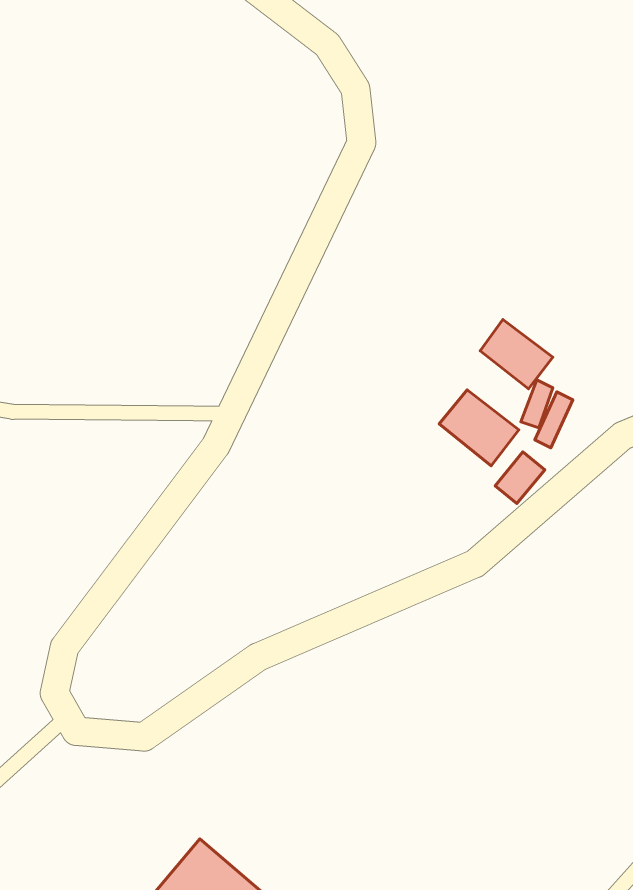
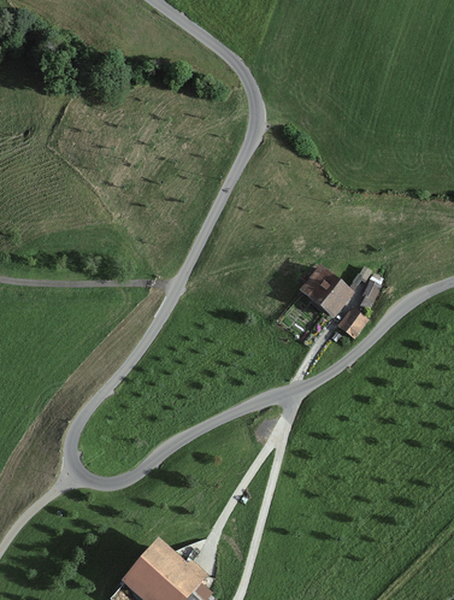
building: [480,320,553,389] -> none

